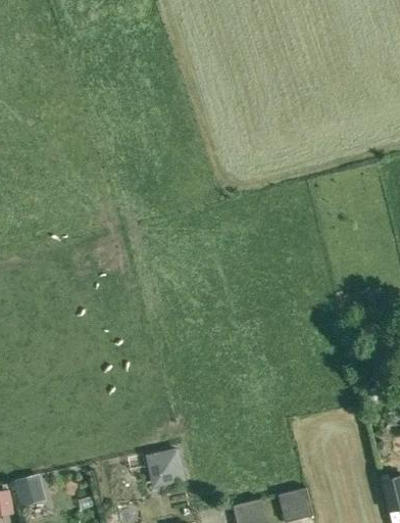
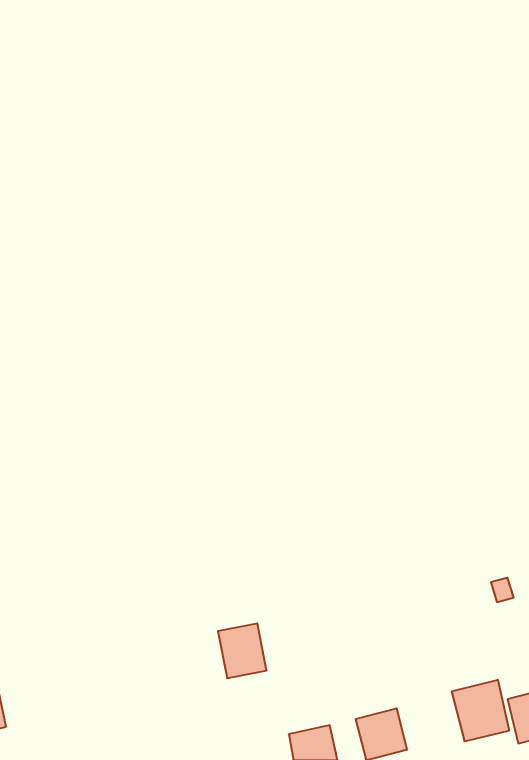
building: [146,449,179,486] -> [218,623,267,678]
building: none -> [452,680,509,741]

